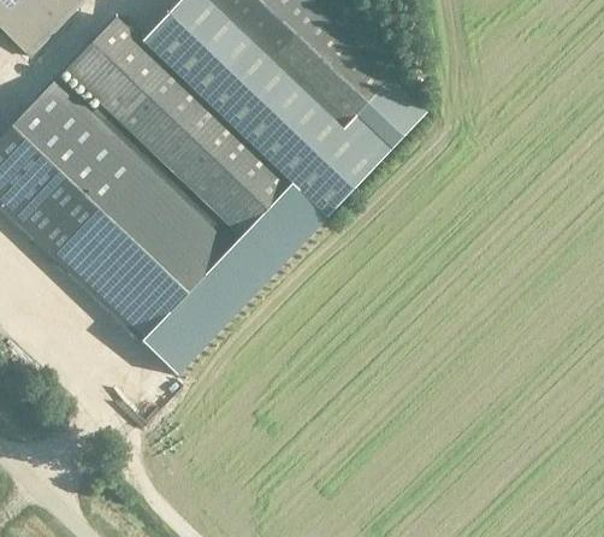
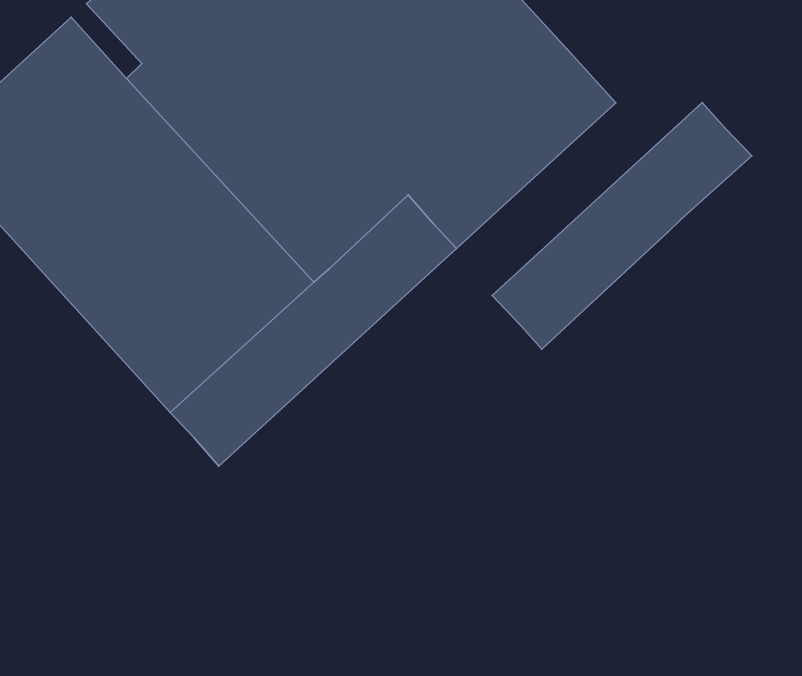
building: none -> [492,102,752,349]

